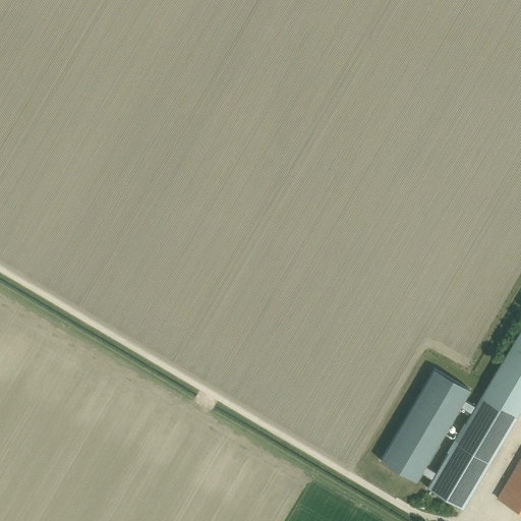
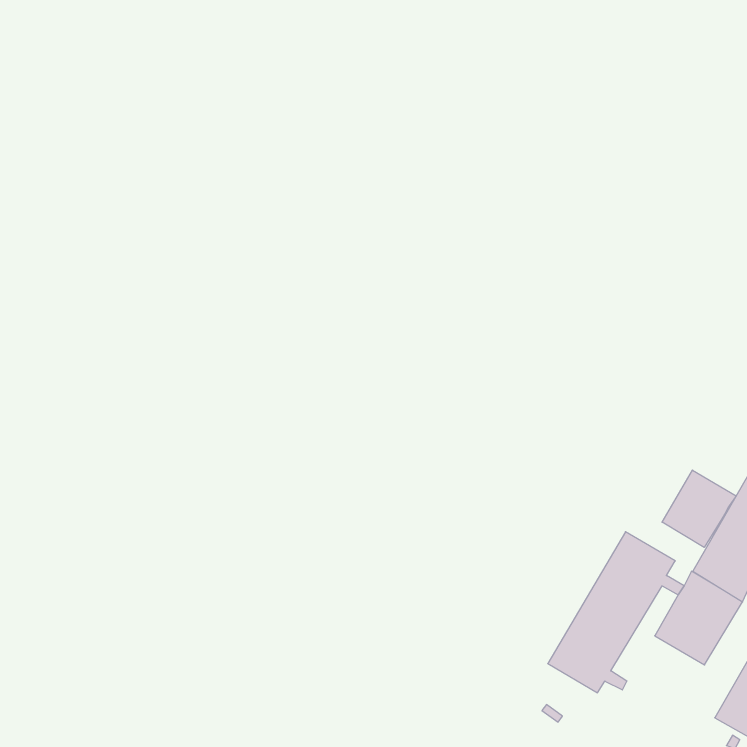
building: none -> [662,470,736,547]
building: [428,443,490,510] -> none

